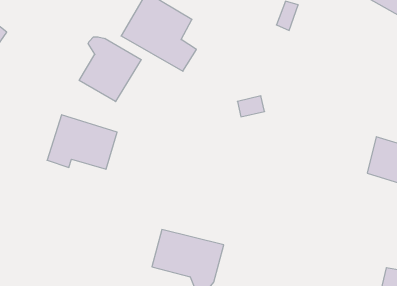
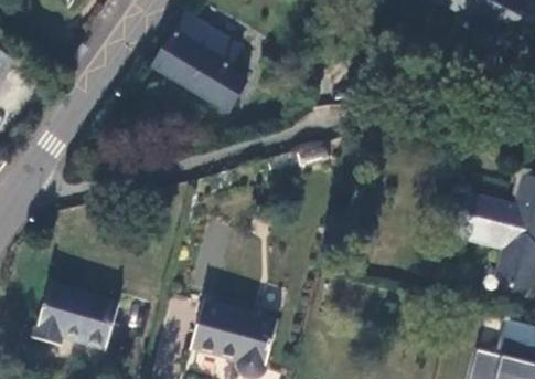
building: [79,37,141,102] -> none
building: [47,115,117,169] -> [33,283,118,349]

